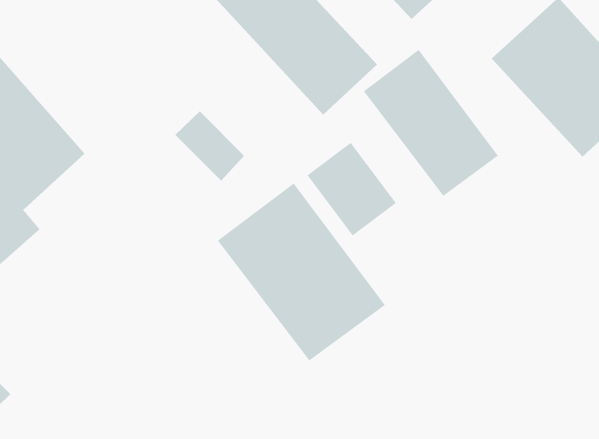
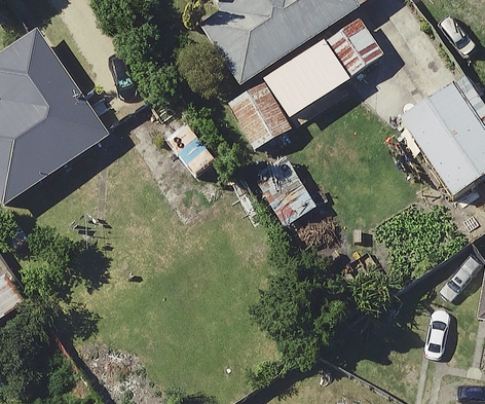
building: [363,49,499,197] -> none
building: [217,182,386,362] -> none

